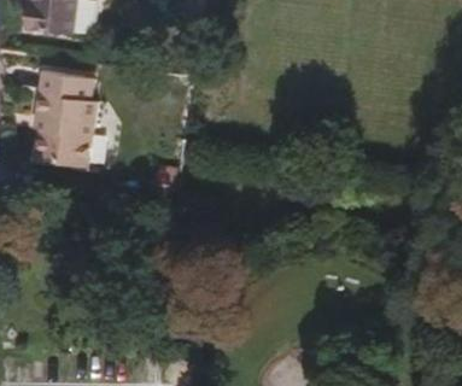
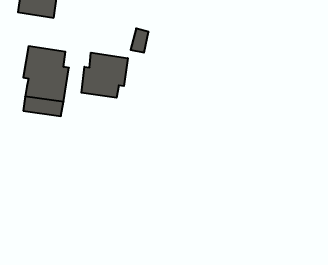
building: none -> [81,53,128,98]

